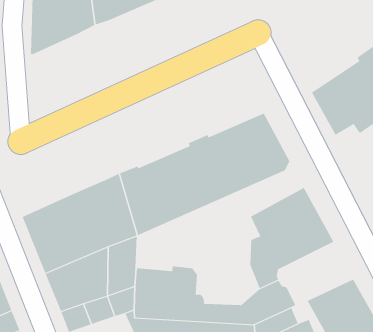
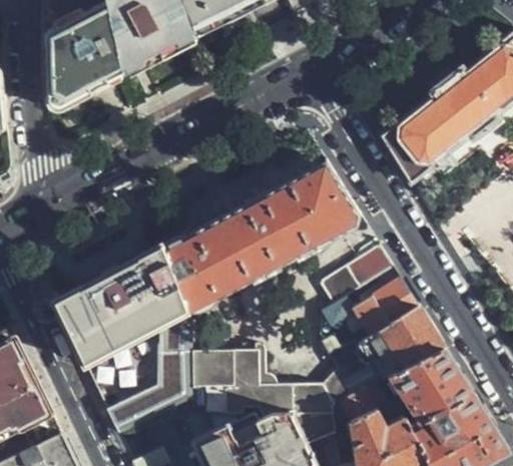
building: none -> [356,307,443,383]

